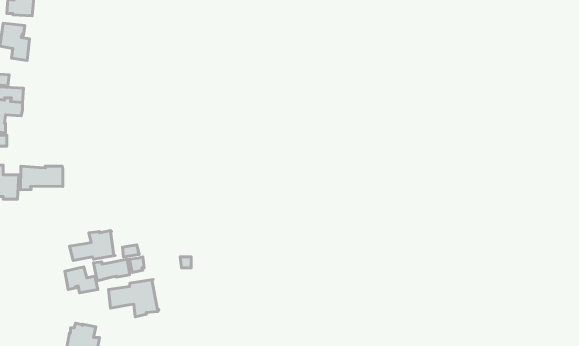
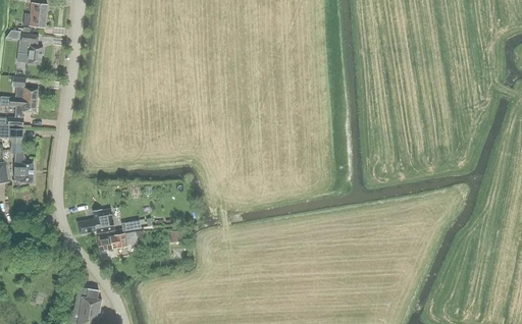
building: [20,166,63,190] -> none
building: [65,267,98,293] -> none
building: [108,279,159,317] -> none

